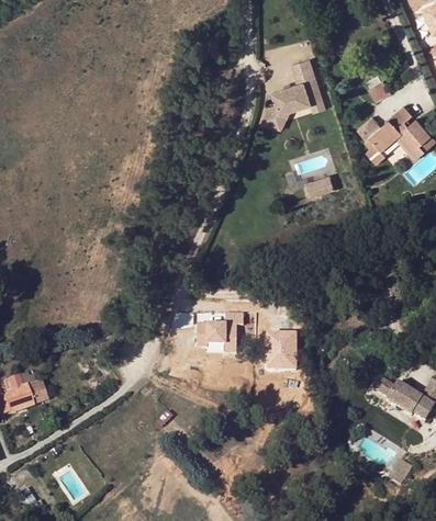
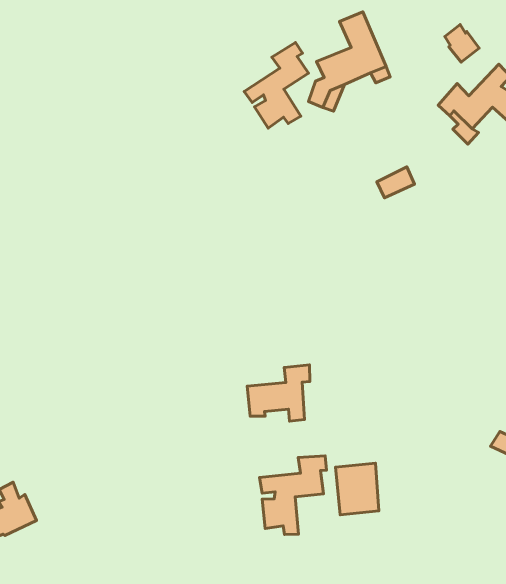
building: none -> [244,43,308,128]
building: [267,333,297,369] -> [335,463,379,515]
building: none -> [260,456,327,535]

